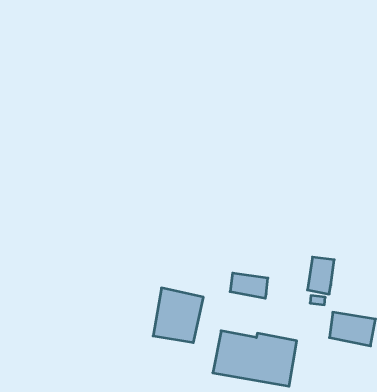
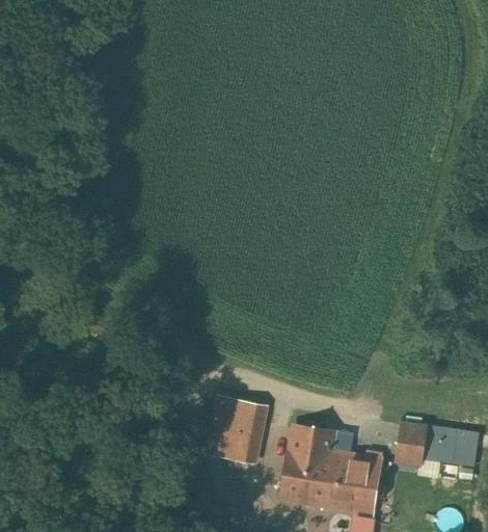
building: [307,257,334,294] -> [395,422,428,468]
building: [230,273,268,298] -> [290,425,336,456]

